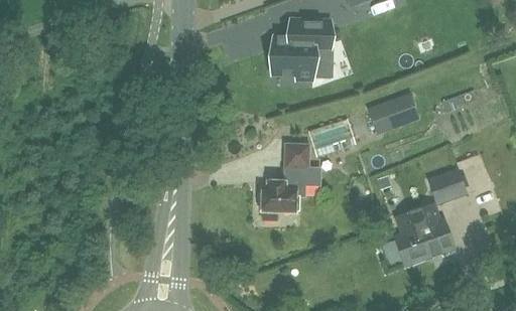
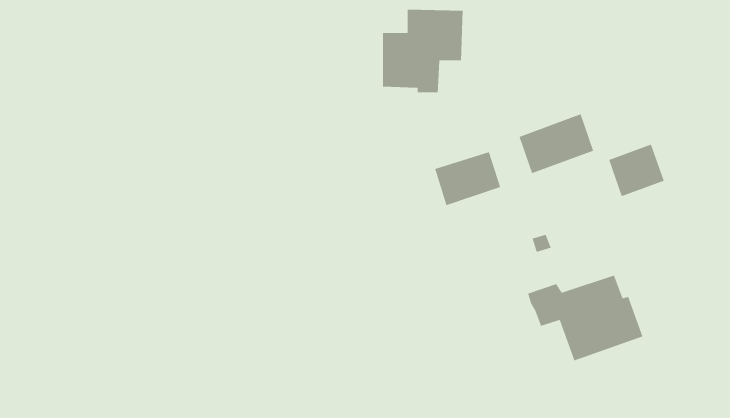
building: [258,144,320,219] -> none
building: [428,168,468,205] -> [608,143,665,197]

